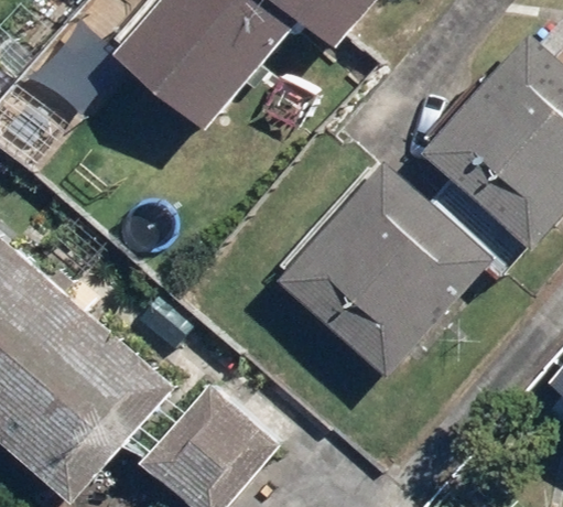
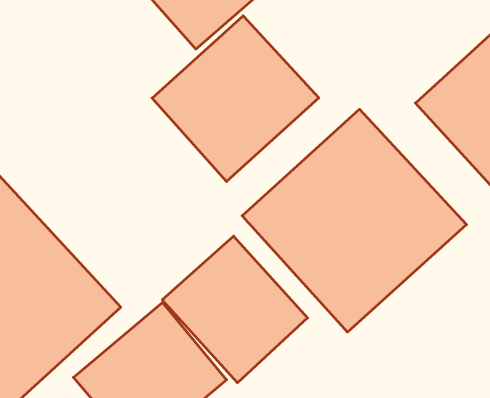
building: none -> [152,16,319,182]
building: none -> [162,236,308,383]

